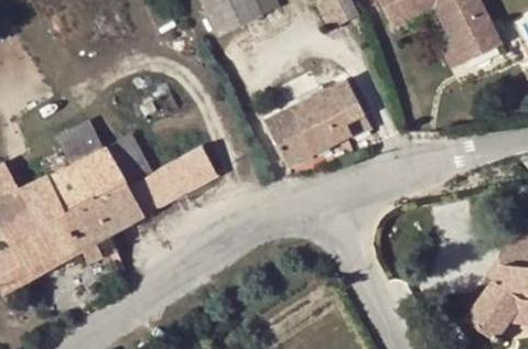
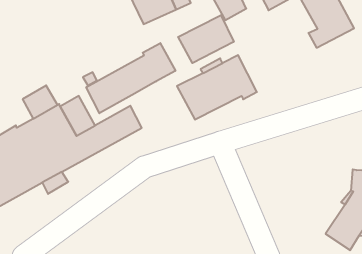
building: none -> [178,15,234,63]
building: none -> [86,43,175,113]

